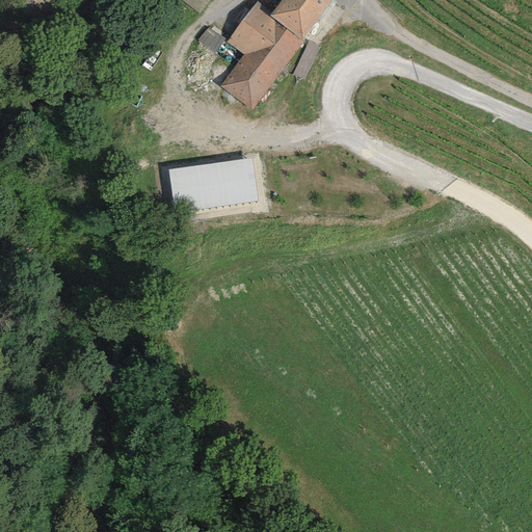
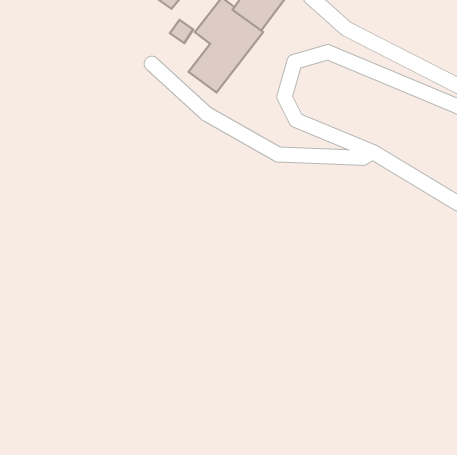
building: [168,159,258,211] -> none

